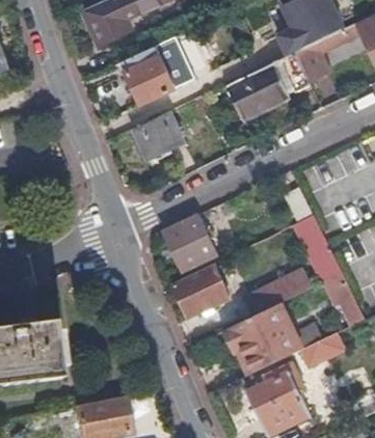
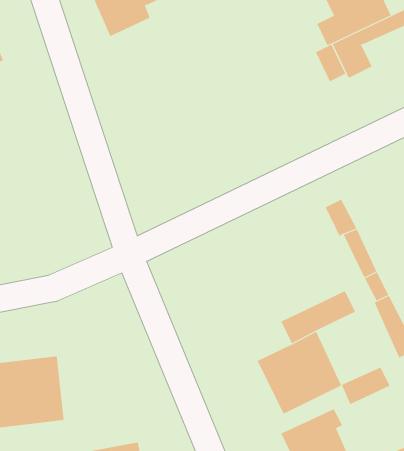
building: [123,27,198,104] -> none
building: [226,62,289,118] -> none
building: [134,110,183,157] -> none
building: [164,214,217,270] -> none
building: [172,262,231,316] -> none

